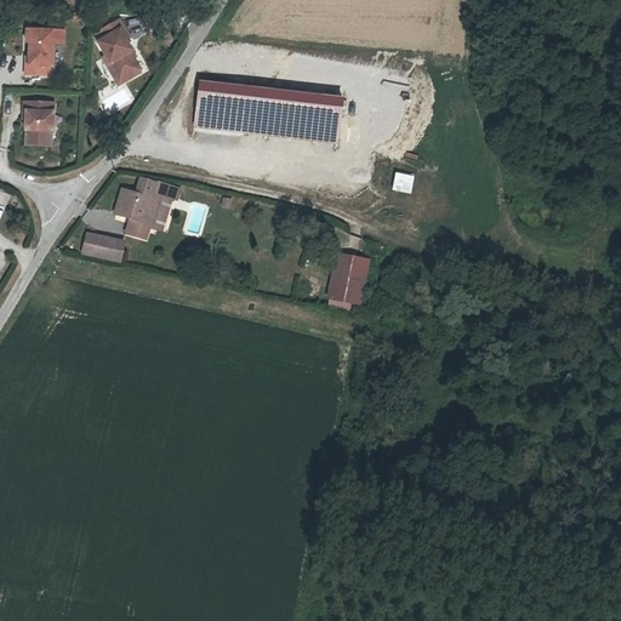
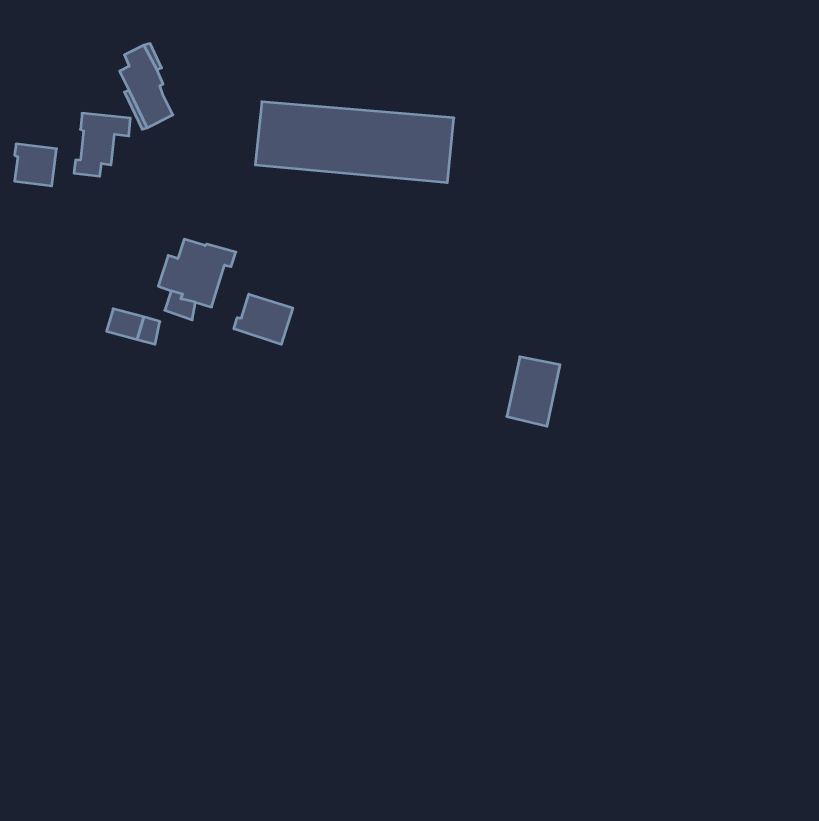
building: [21,36,63,84] -> [74,113,130,176]
building: none -> [234,294,293,344]
building: [325,258,365,310] -> [507,357,560,426]

